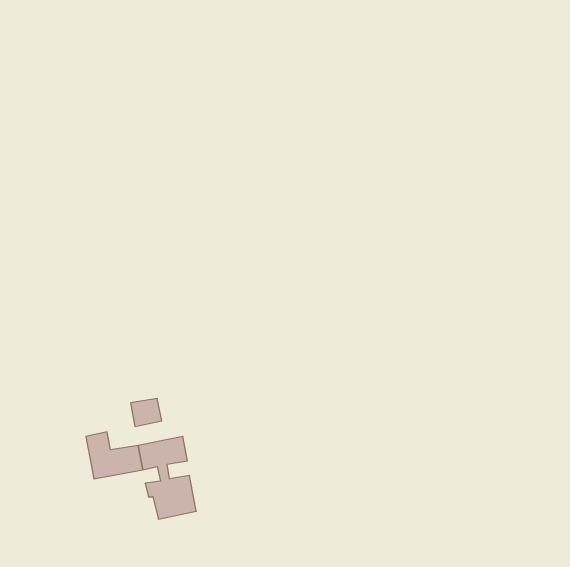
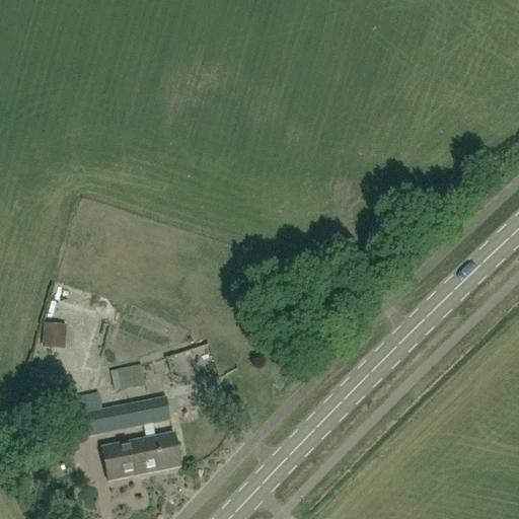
building: none -> [43,322,67,349]
building: none -> [100,439,144,478]

